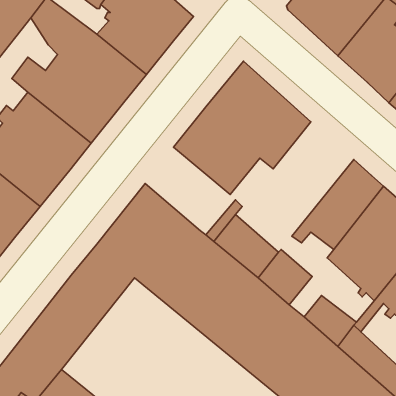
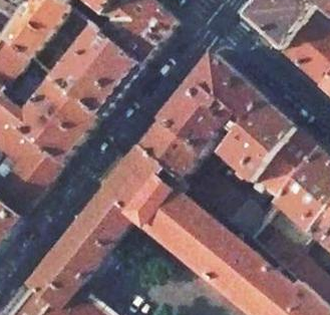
building: none -> [220,99,294,181]
building: none -> [138,118,202,181]

